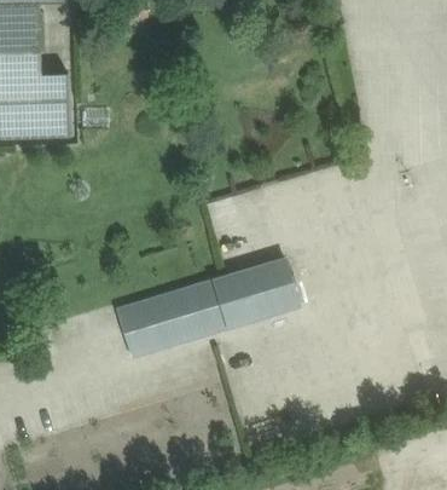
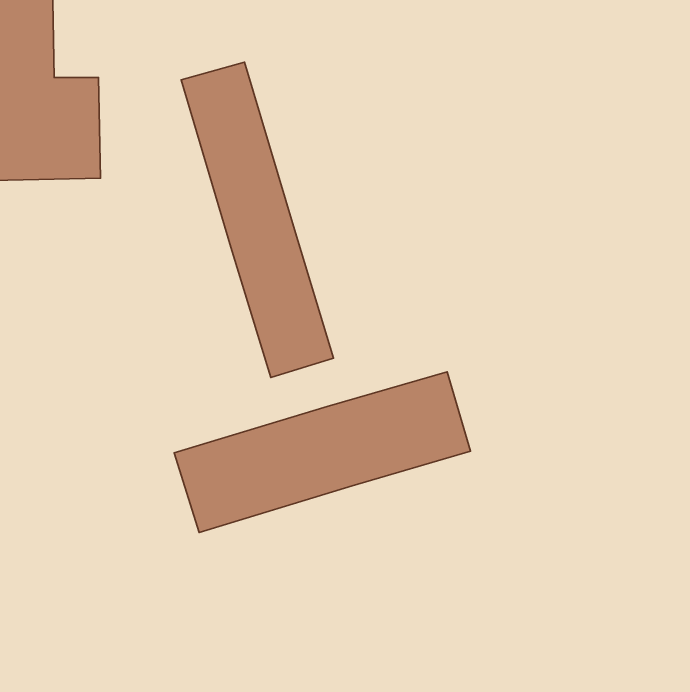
building: none -> [181,62,333,378]

